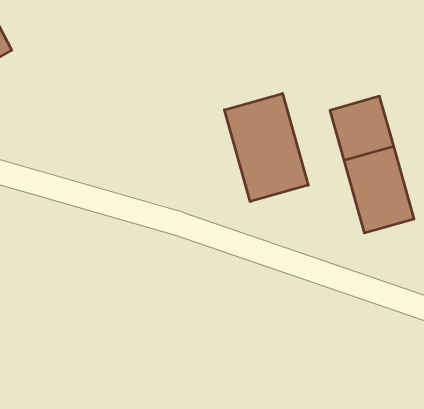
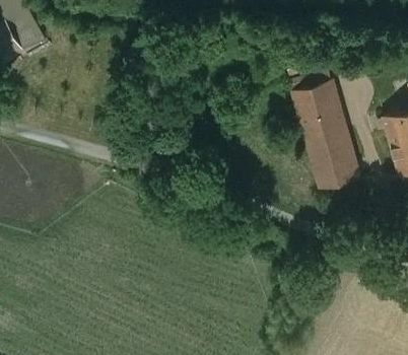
building: [224,93,308,202] -> none

